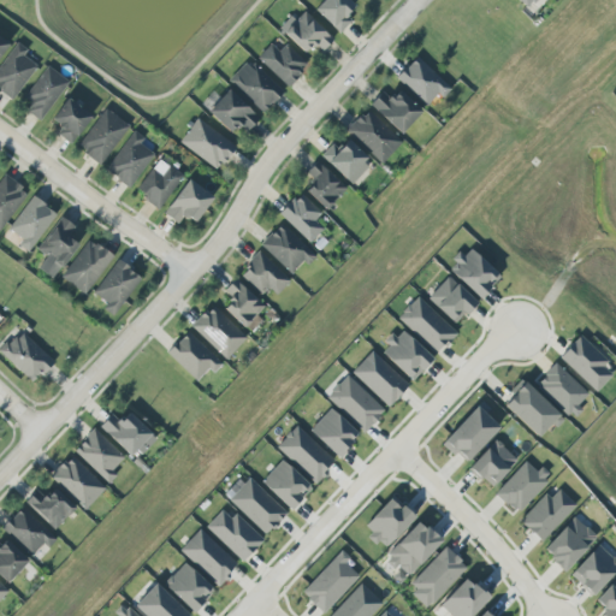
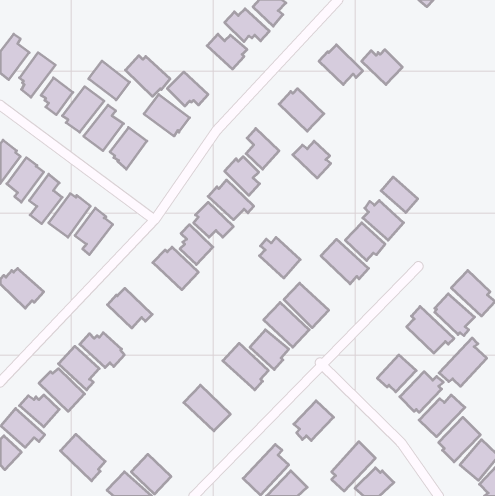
building: [230,61,285,112] -> [125,56,170,96]
building: none -> [89,61,130,100]
building: [372,89,422,132] -> [362,50,402,85]
building: [322,138,369,184] -> [293,141,331,178]
building: [165,178,214,223] -> none
building: none -> [381,177,418,213]
building: [384,330,434,380] -> [259,237,300,278]
building: [167,331,223,380] -> [107,288,152,328]
building: [442,401,500,461] -> [439,338,487,386]
building: [262,458,313,509] -> none
building: [207,509,265,561] -> none
building: [387,521,443,574] -> none
building: [182,528,237,586] -> [60,434,105,481]

